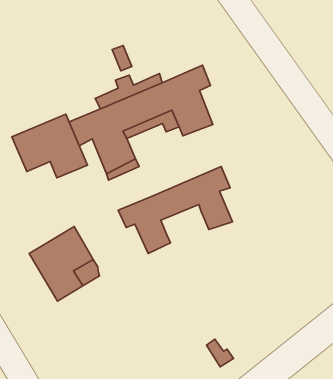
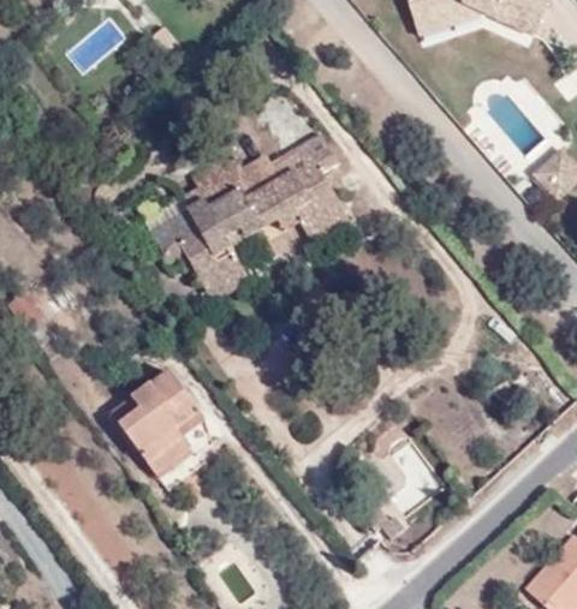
building: [12,114,87,178] -> none
building: [118,167,233,254] -> none

